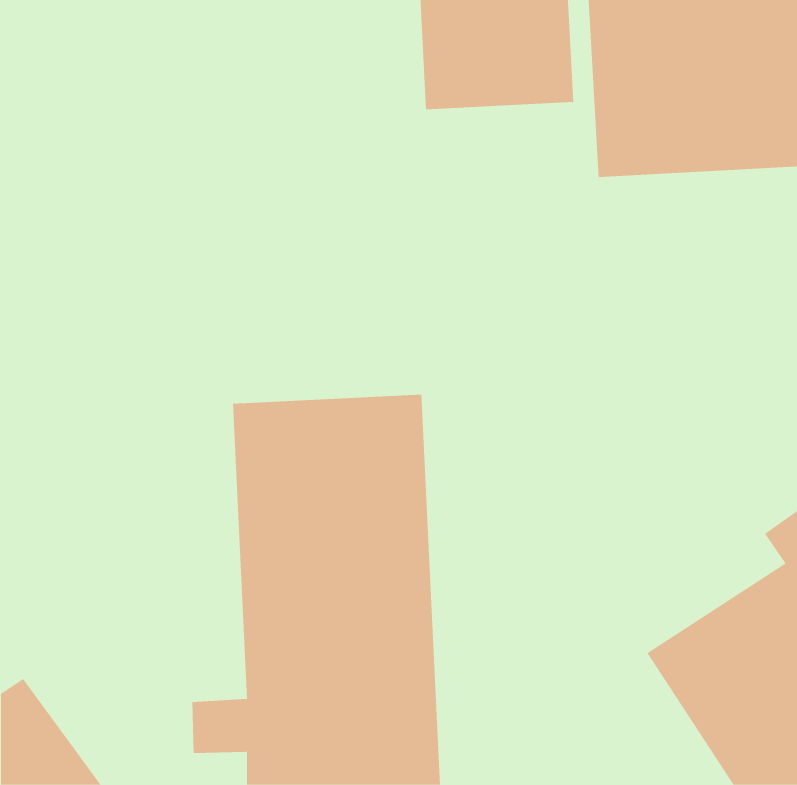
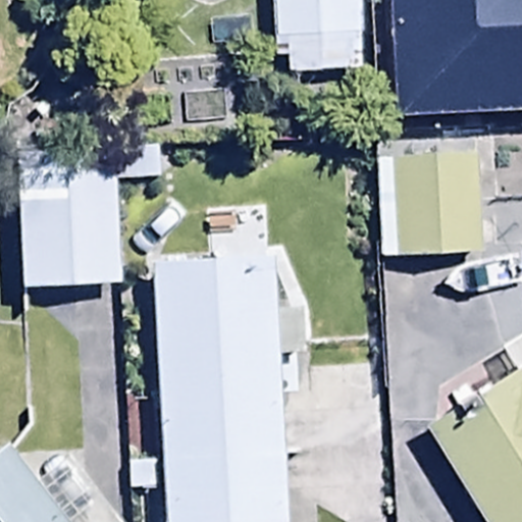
building: none -> [23,144,162,286]
building: none -> [379,151,480,257]

